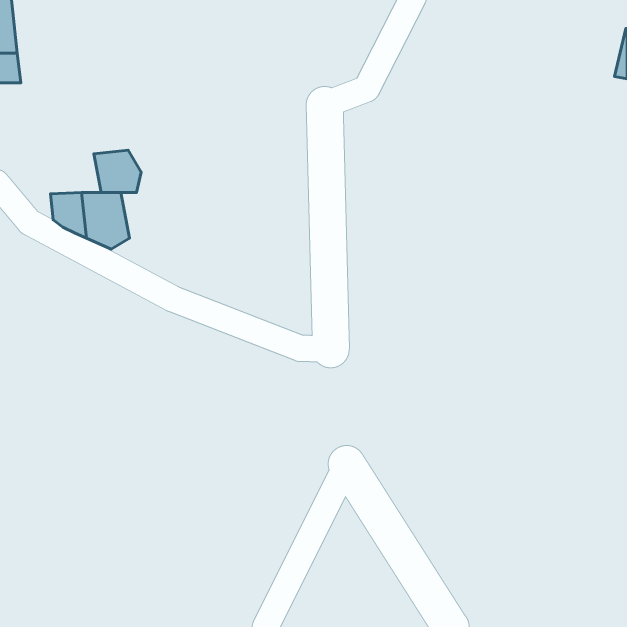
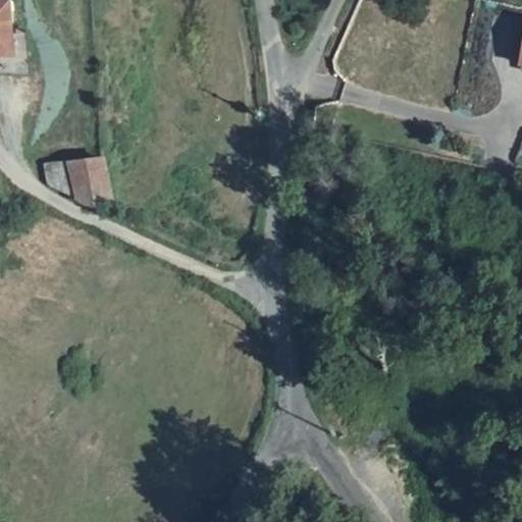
building: [94,150,141,193] -> none

